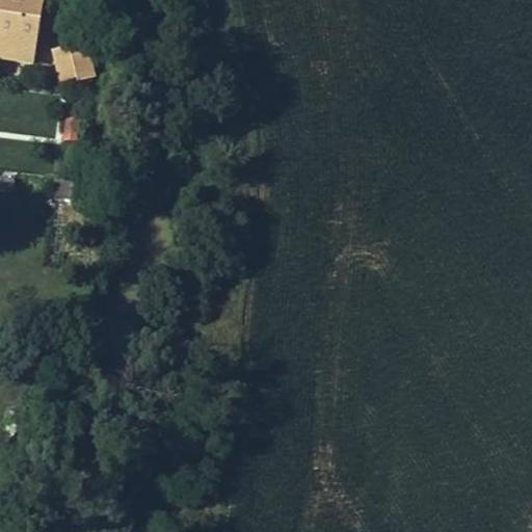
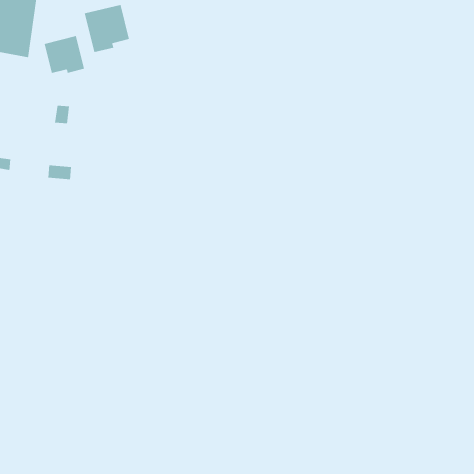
building: none -> [84,4,130,53]

